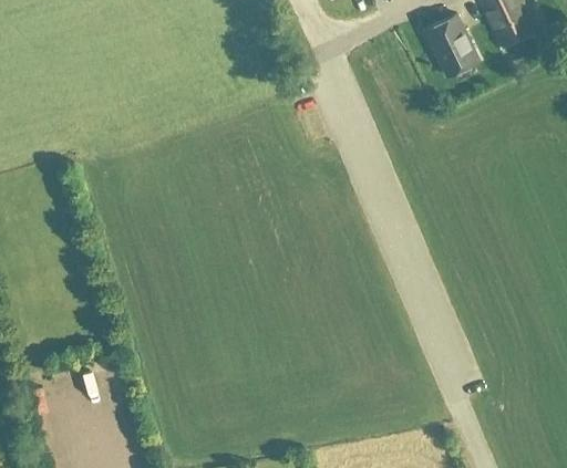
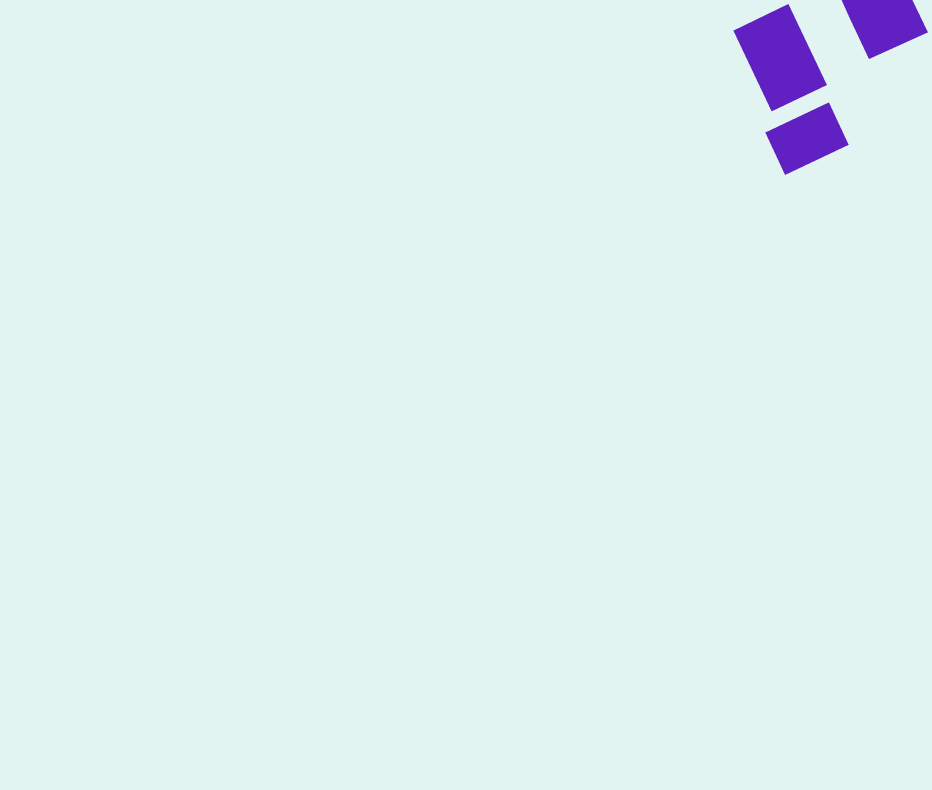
building: none -> [764,101,850,176]

